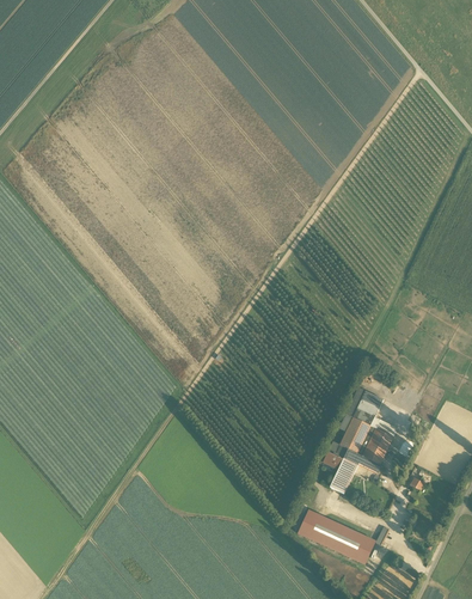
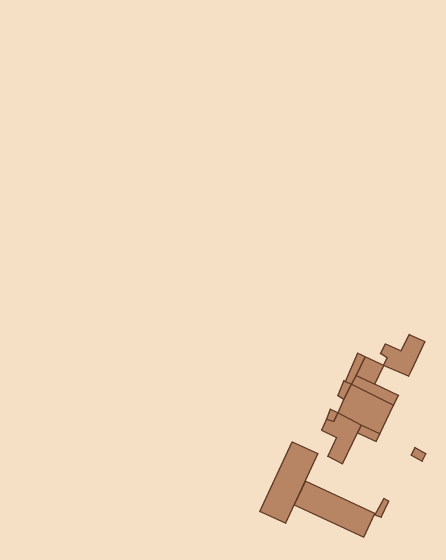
building: none -> [380,334,425,376]
building: none -> [260,442,318,523]

